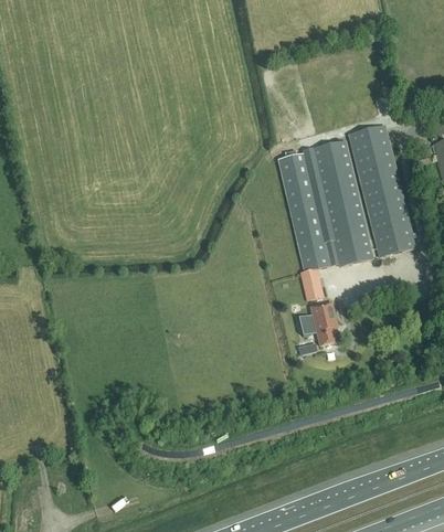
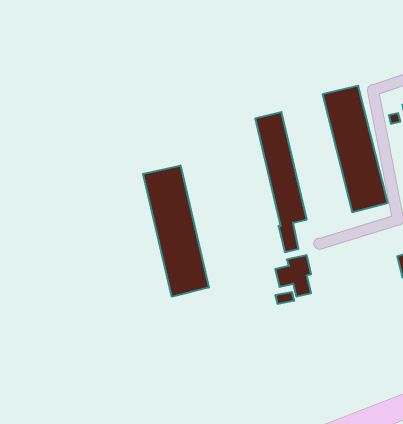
building: [310,140,372,266] -> none
building: none -> [143,165,209,297]

